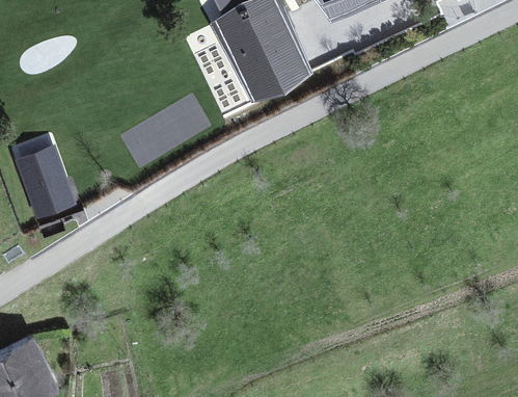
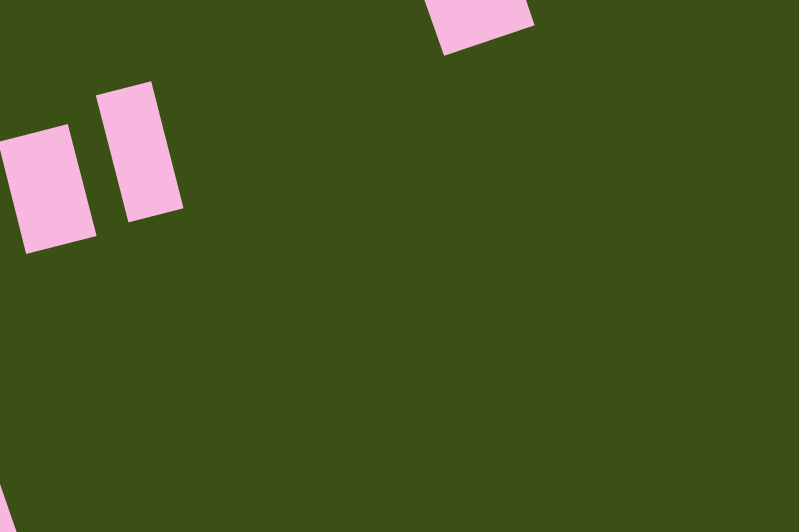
building: none -> [95,81,184,223]

